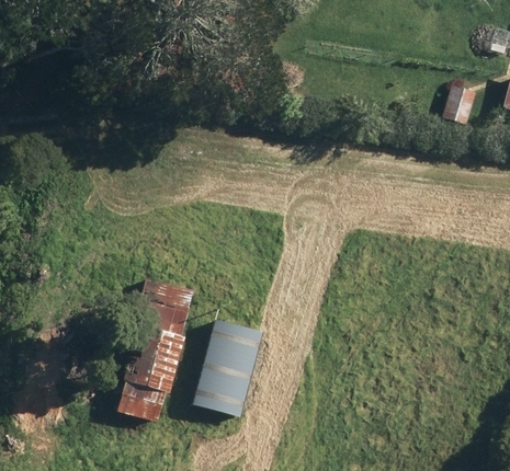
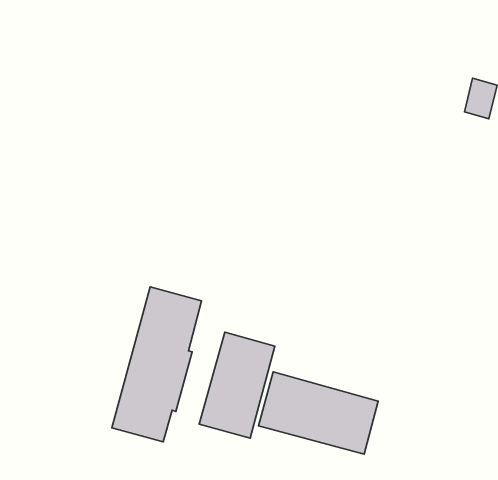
building: none -> [259,372,378,454]

